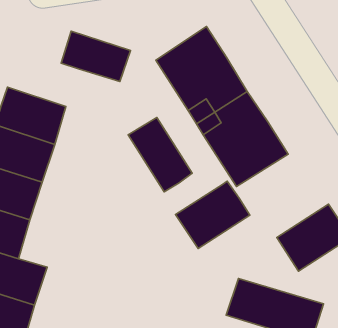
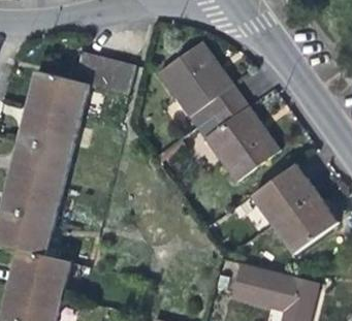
building: none -> [28,71,90,119]
building: [128,117,192,192] -> none
building: [175,181,250,248] -> [252,164,318,225]

